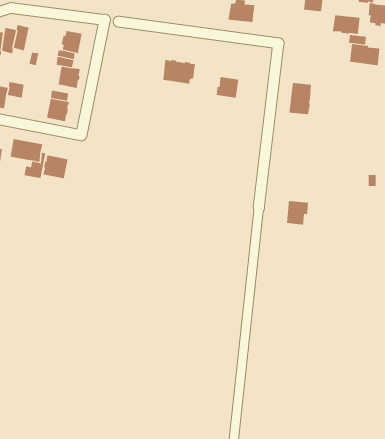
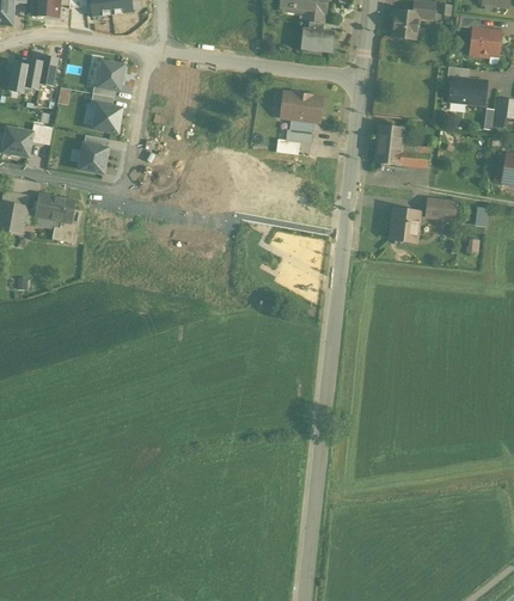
building: [332,14,360,35] -> none
building: [162,60,196,84] -> [281,91,322,121]
building: none -> [399,143,430,166]
building: none -> [426,197,455,219]
building: [43,155,68,179] -> none
building: [286,201,309,225] -> [391,208,418,238]

